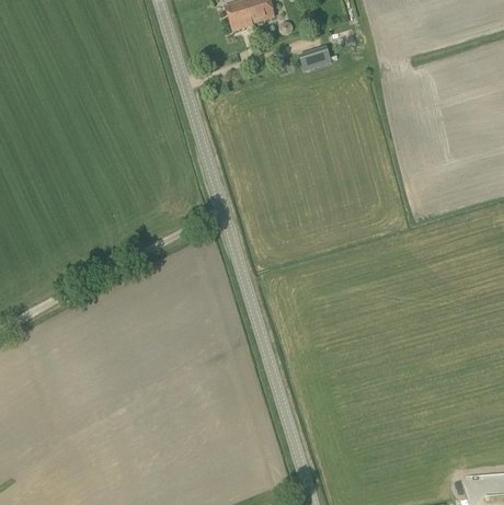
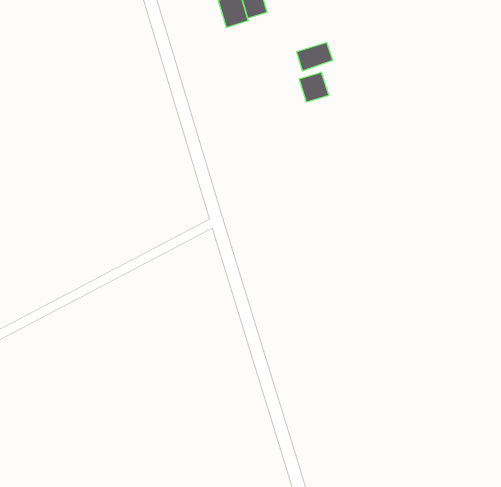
building: none -> [299,72,329,102]

